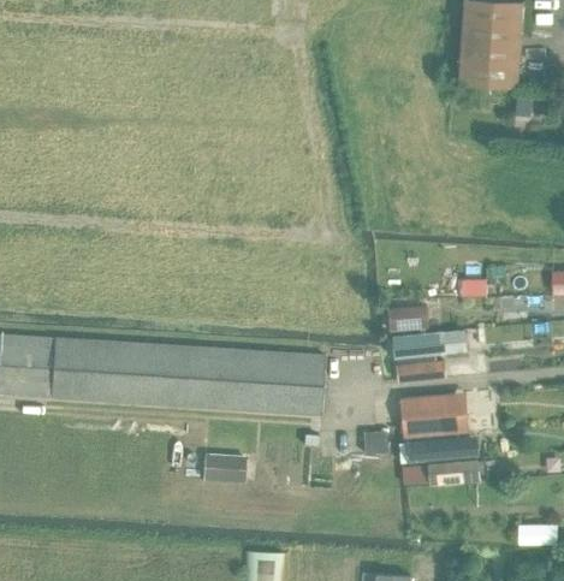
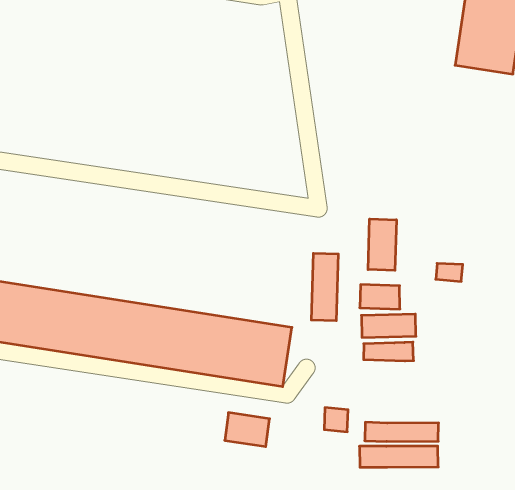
building: none -> [368,219,396,270]
building: none -> [311,253,338,321]
building: [400,392,469,437] -> none
building: [202,452,244,482] -> [225,413,270,447]

